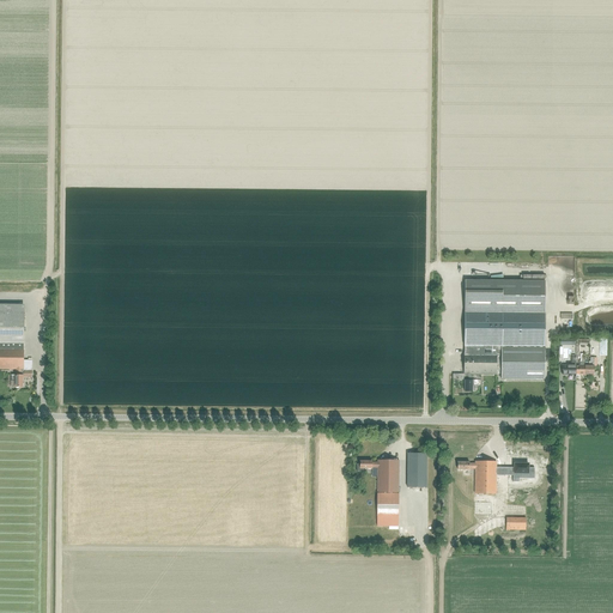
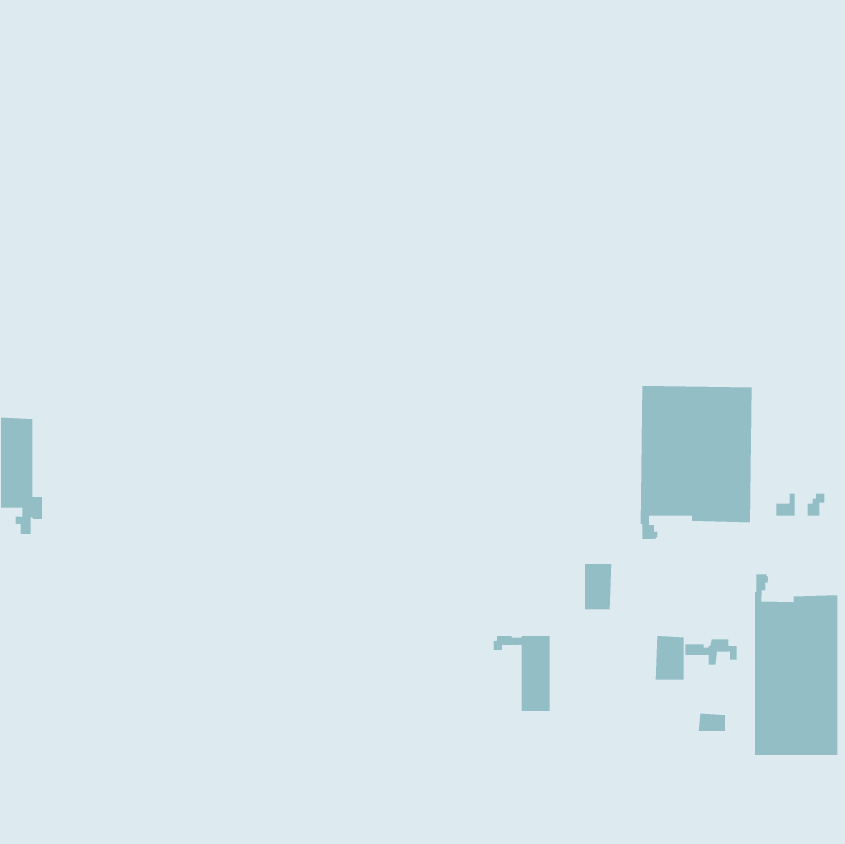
building: none -> [755,573,838,756]
building: [407,453,427,486] -> [584,563,612,610]

